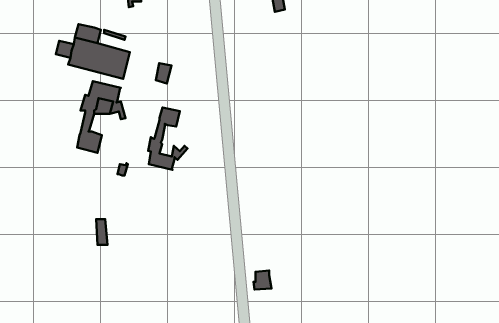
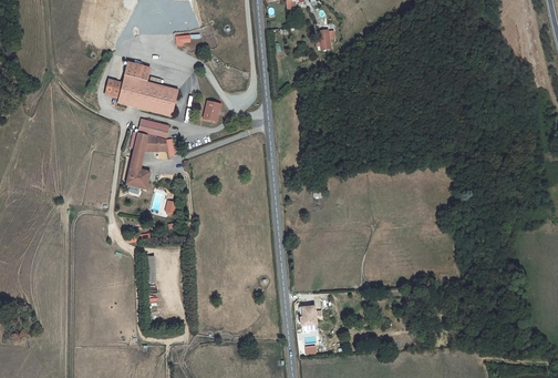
building: [148,108,187,170] -> none

